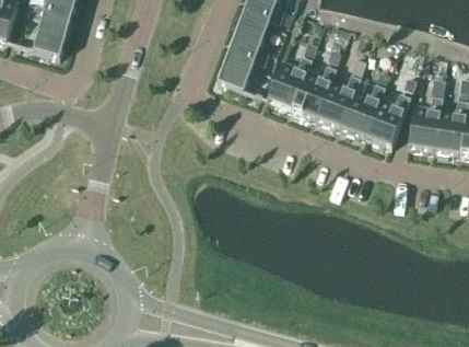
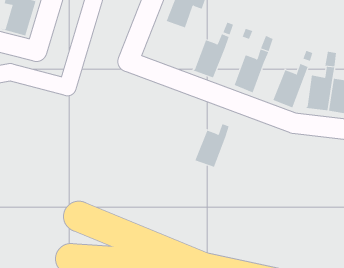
building: [218,39,268,99] -> none
building: [292,65,336,119] -> [194,124,230,168]
building: [341,83,385,138] -> none

